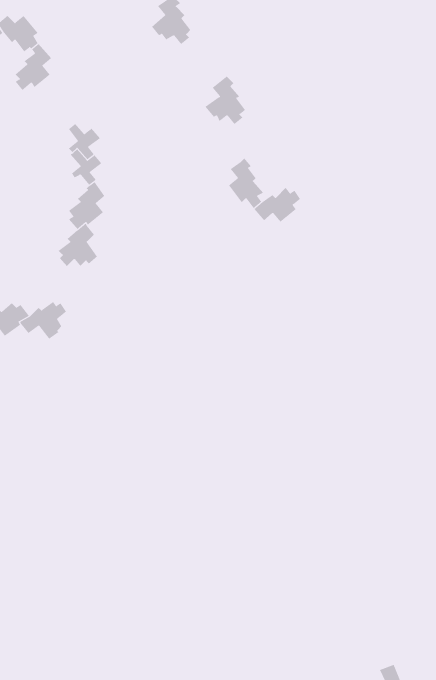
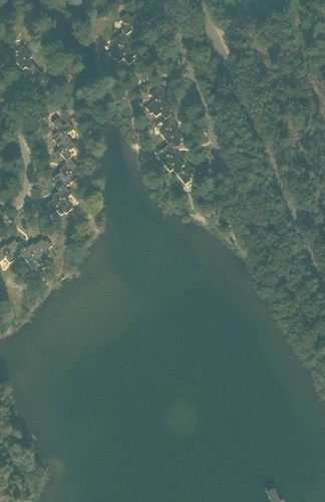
building: none -> [159,113,184,147]

